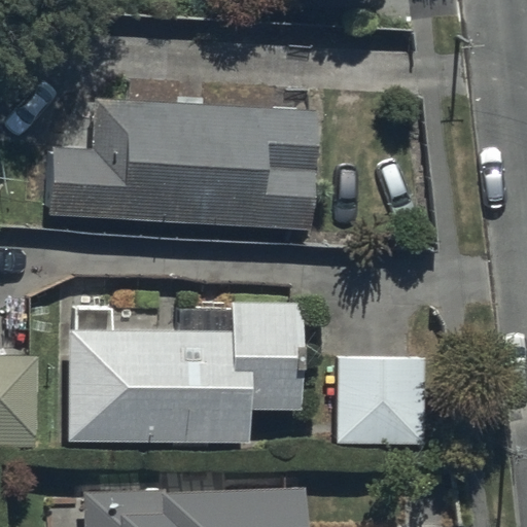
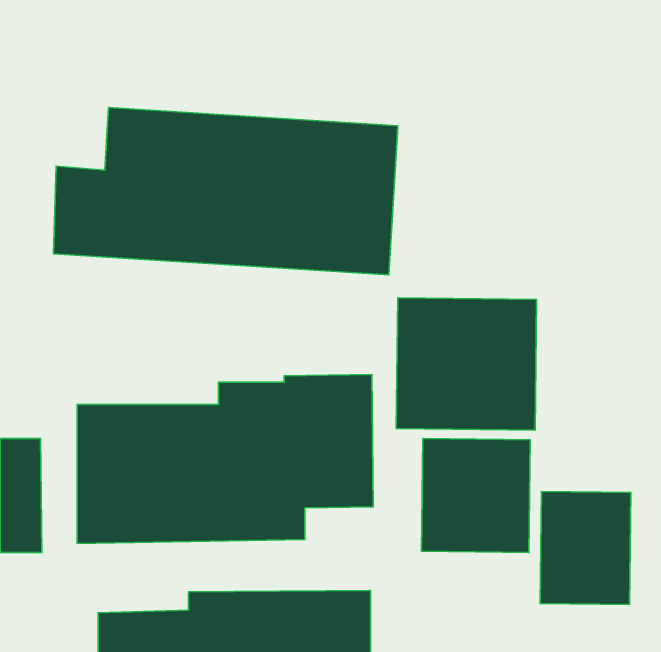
building: none -> [396,298,537,430]
building: none -> [540,492,631,604]

